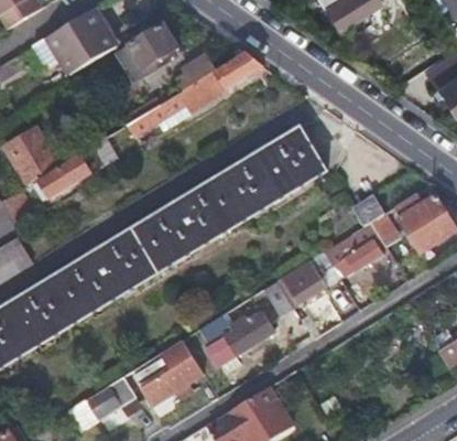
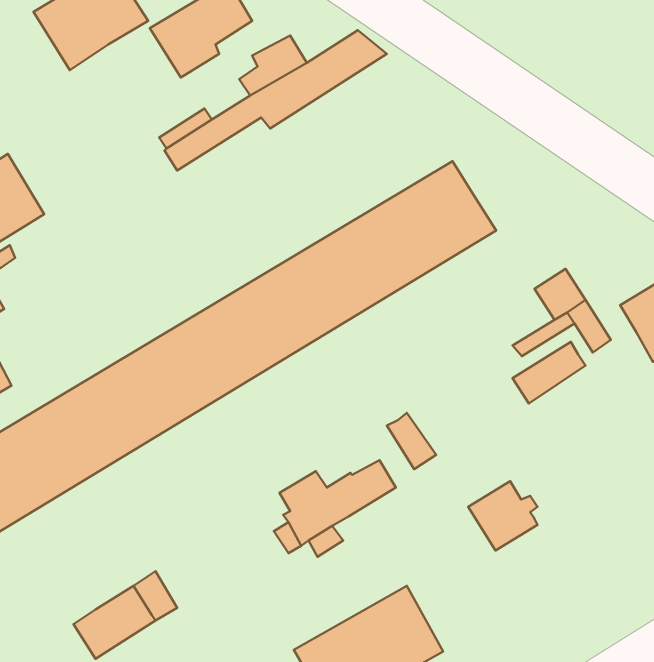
building: [39,147,94,196] -> none
building: [282,260,324,302] -> [468,481,538,550]
building: [130,341,199,402] -> none

